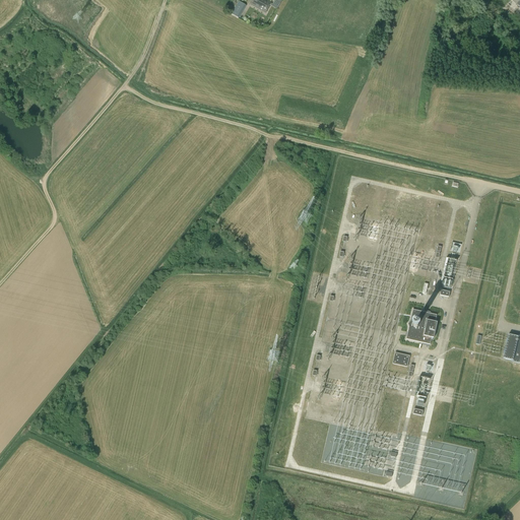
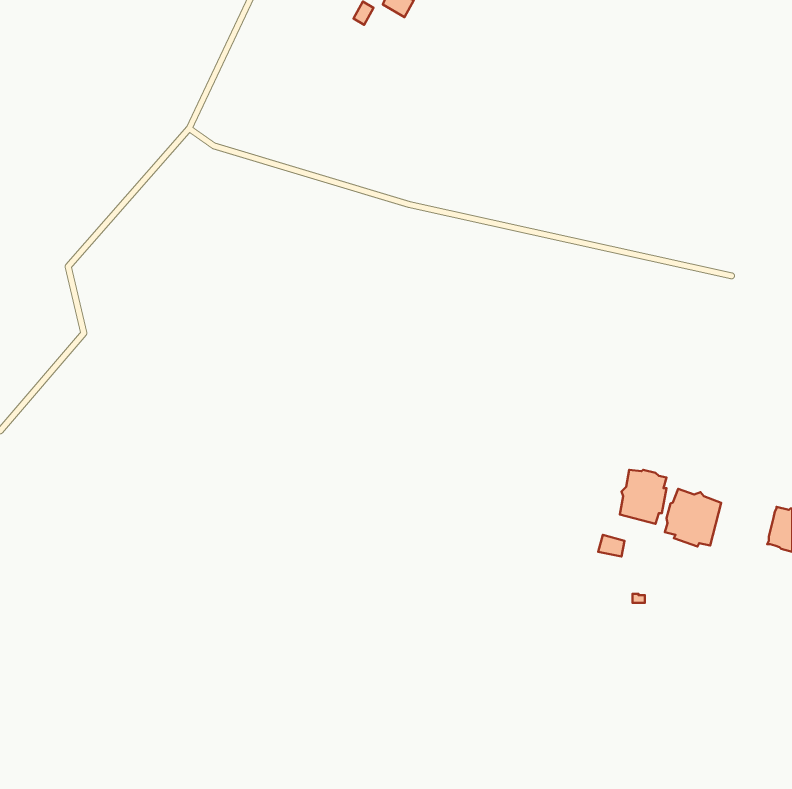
building: none -> [665,489,721,546]

